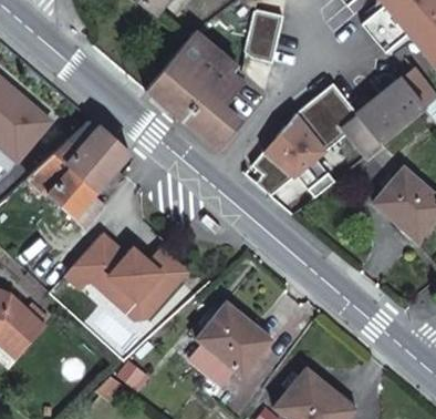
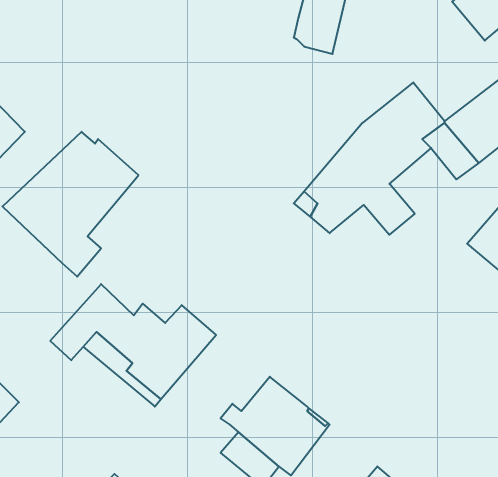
building: [145,32,243,152] -> none

